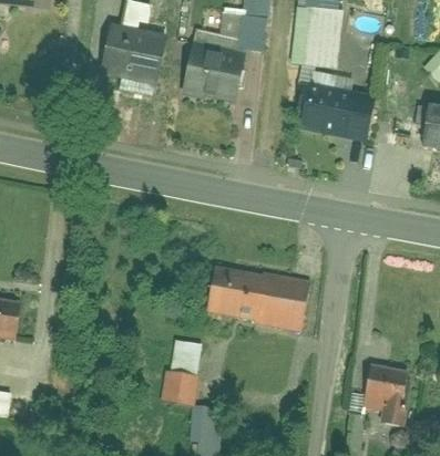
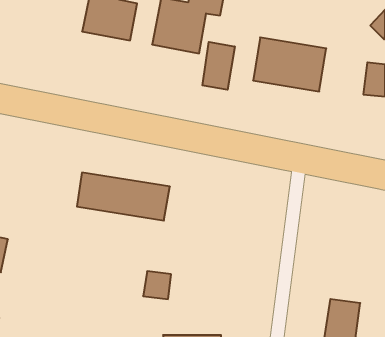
building: none -> [202,42,235,90]
building: [204,266,307,319] -> [77,173,170,221]
building: [161,370,199,407] -> none

